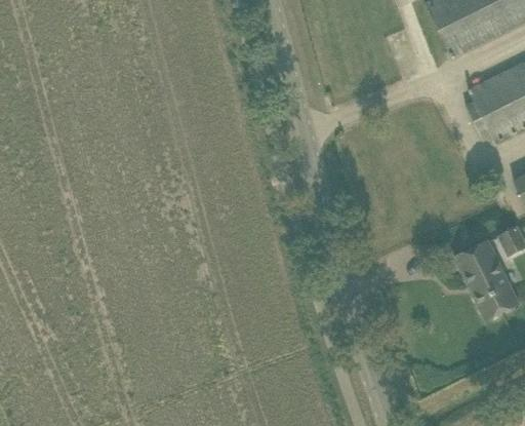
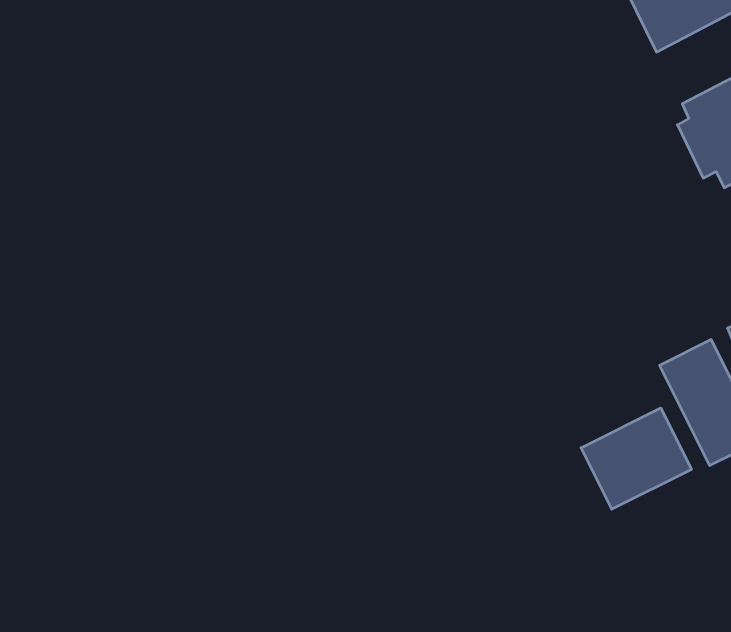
building: none -> [581,408,691,509]

